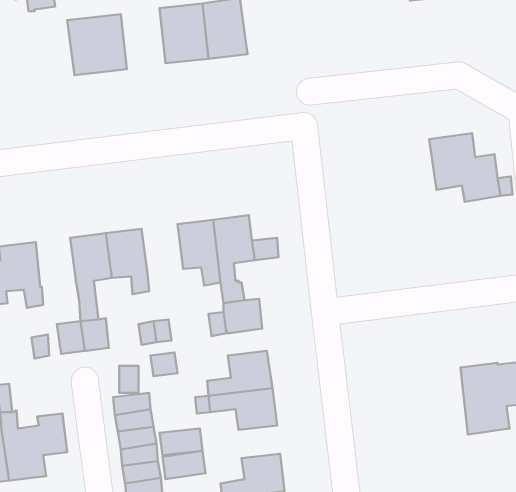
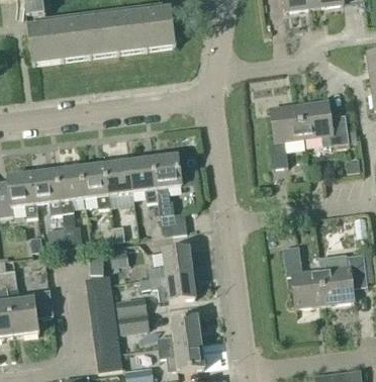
building: none -> [90,13,120,55]
building: none -> [27,21,59,63]
building: none -> [269,102,304,166]
building: none -> [104,160,132,193]
building: none -> [32,169,62,213]
building: none -> [283,245,325,305]

